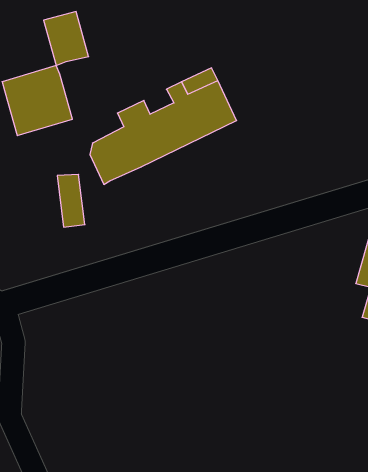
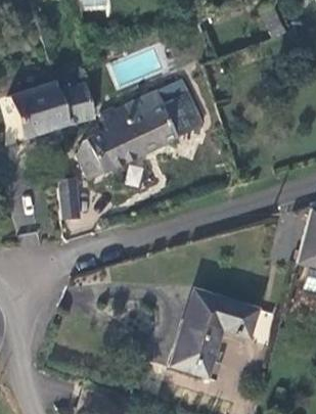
building: [44,12,89,65] -> [58,80,95,124]
building: none -> [171,290,259,376]

